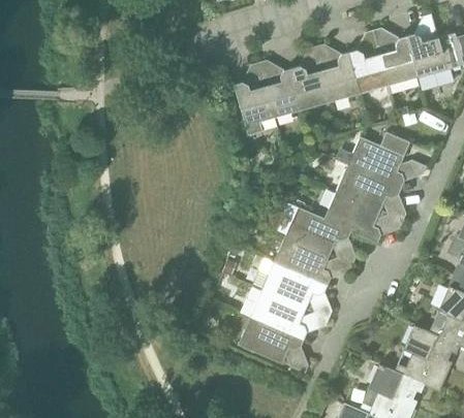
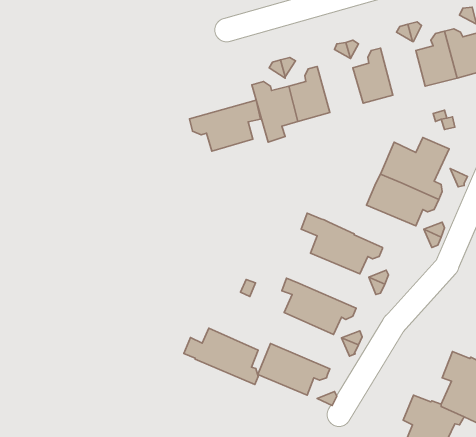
building: [348,50,389,94] -> none
building: [291,65,333,109] -> none
building: none -> [189,100,261,151]
building: [324,193,381,244] -> none
building: [274,236,331,286] -> none
building: [239,290,306,341] -> [184,328,258,384]

